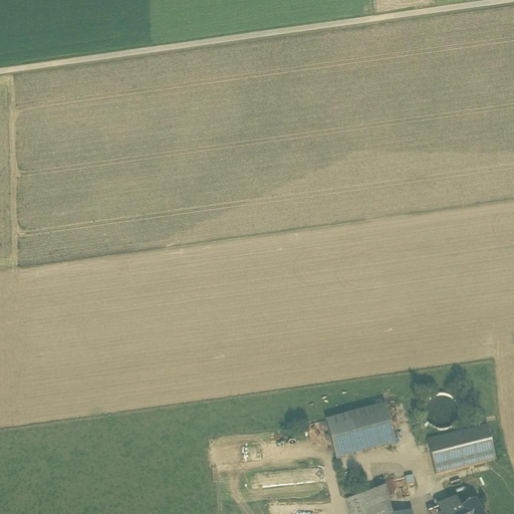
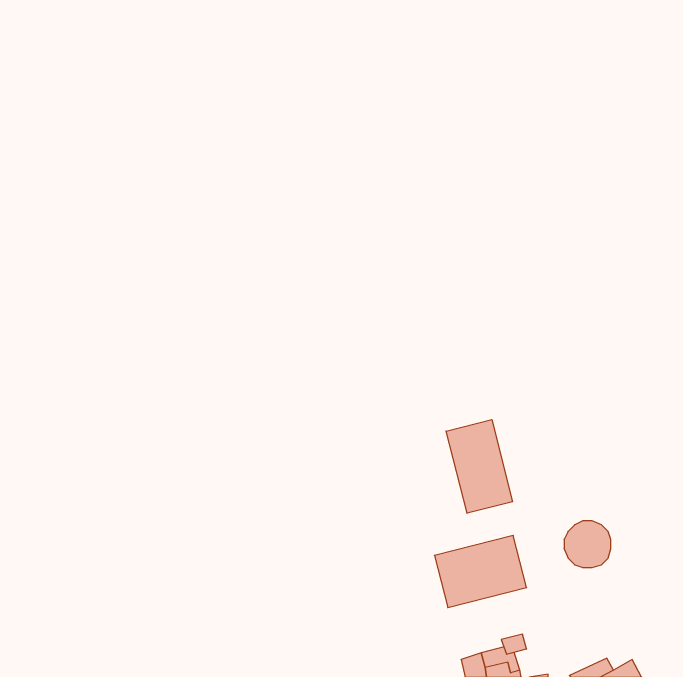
building: none -> [446,420,513,513]
building: [428,423,496,472] -> none

